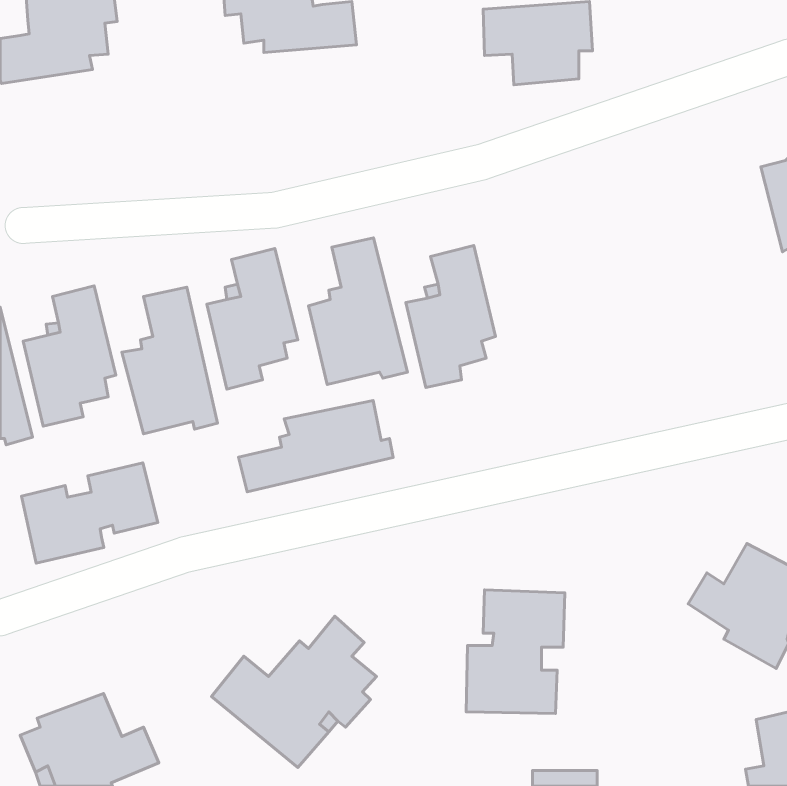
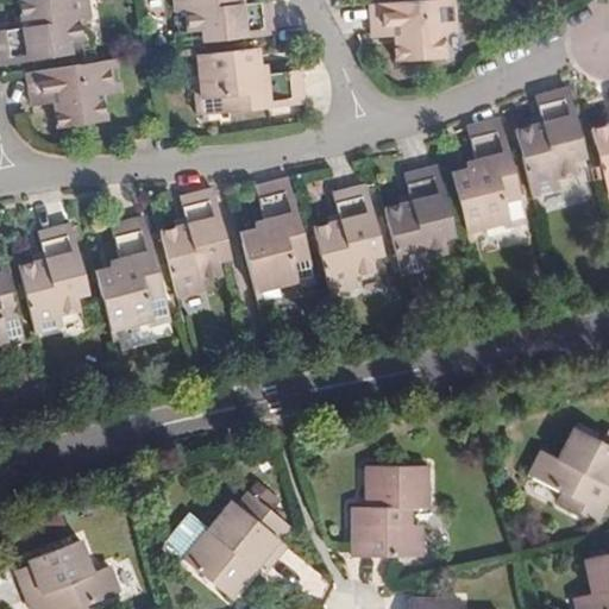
building: none -> [196,49,307,114]
building: none -> [31,59,117,126]
building: none -> [516,93,588,199]
building: none -> [452,123,526,237]
building: none -> [384,168,456,275]
building: [239,400,393,492] -> none
building: [21,463,158,563] -> none

